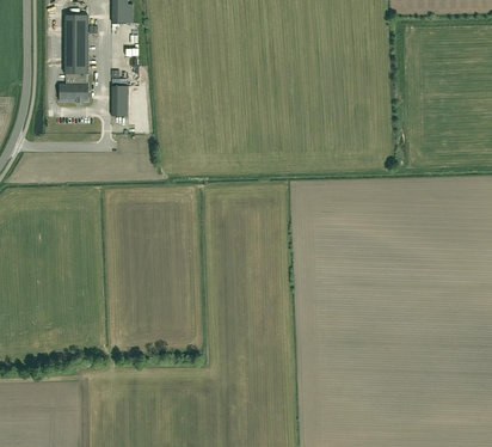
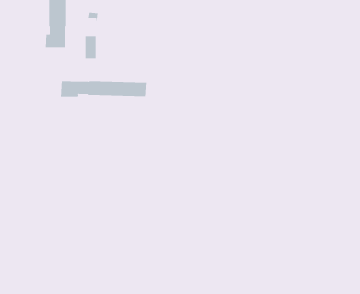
building: none -> [60,80,147,98]

